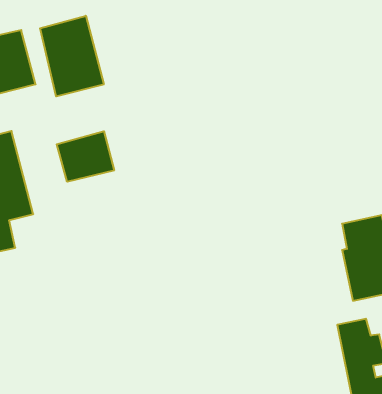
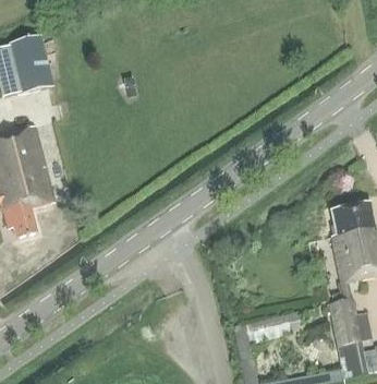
building: [40,16,104,96] -> none
building: [57,131,114,182] -> none

